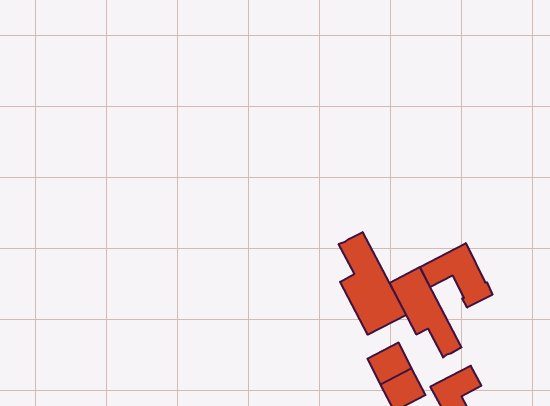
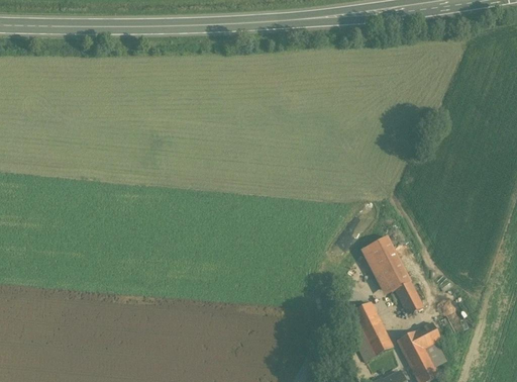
building: [339,232,406,335] -> none
building: [420,243,492,308] -> none

